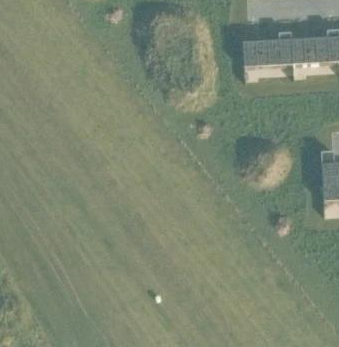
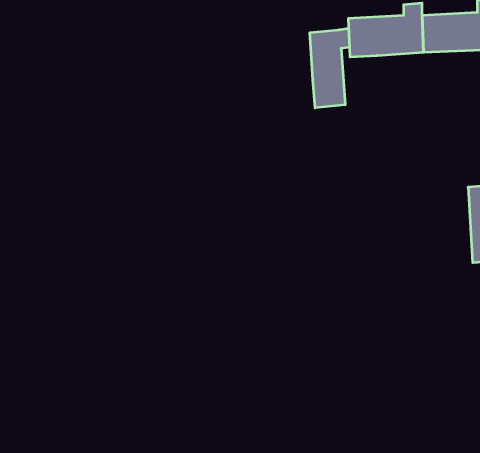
building: none -> [310,28,349,108]

